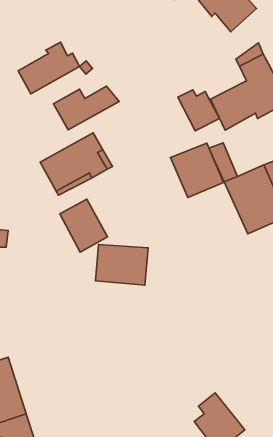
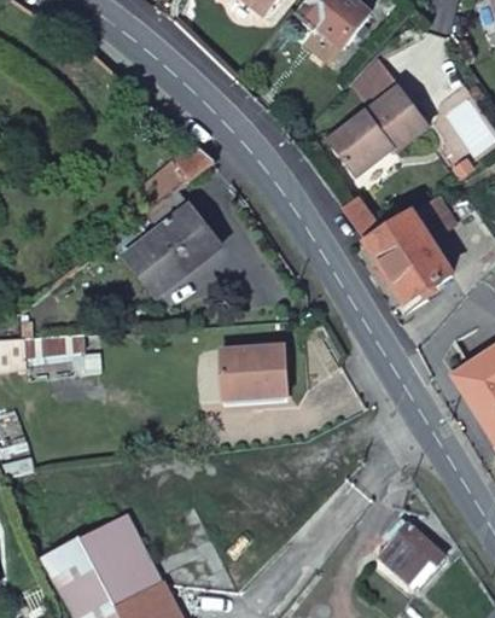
building: [18,42,80,94] -> none
building: [178,90,220,131] -> none
building: [171,143,224,198] -> none
building: [60,199,108,252] -> none

